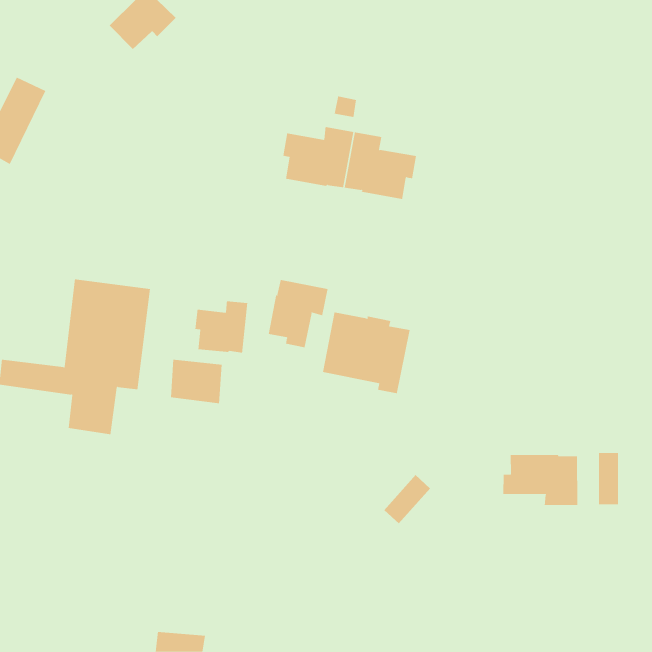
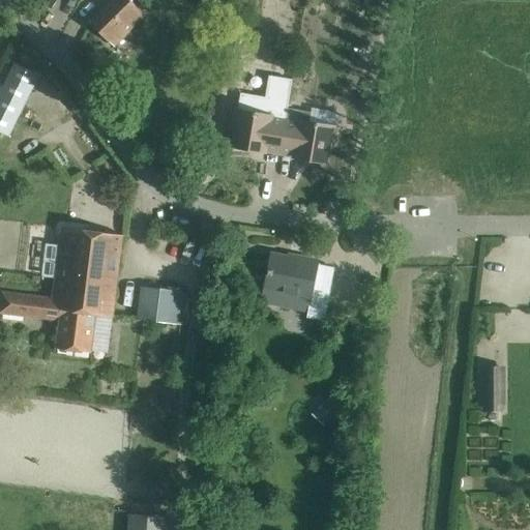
building: [268,279,328,348] -> none
building: [195,300,248,354] -> none
building: [503,454,578,506] -> none

